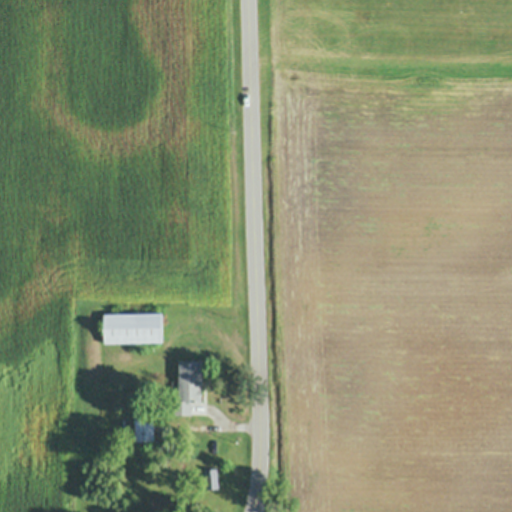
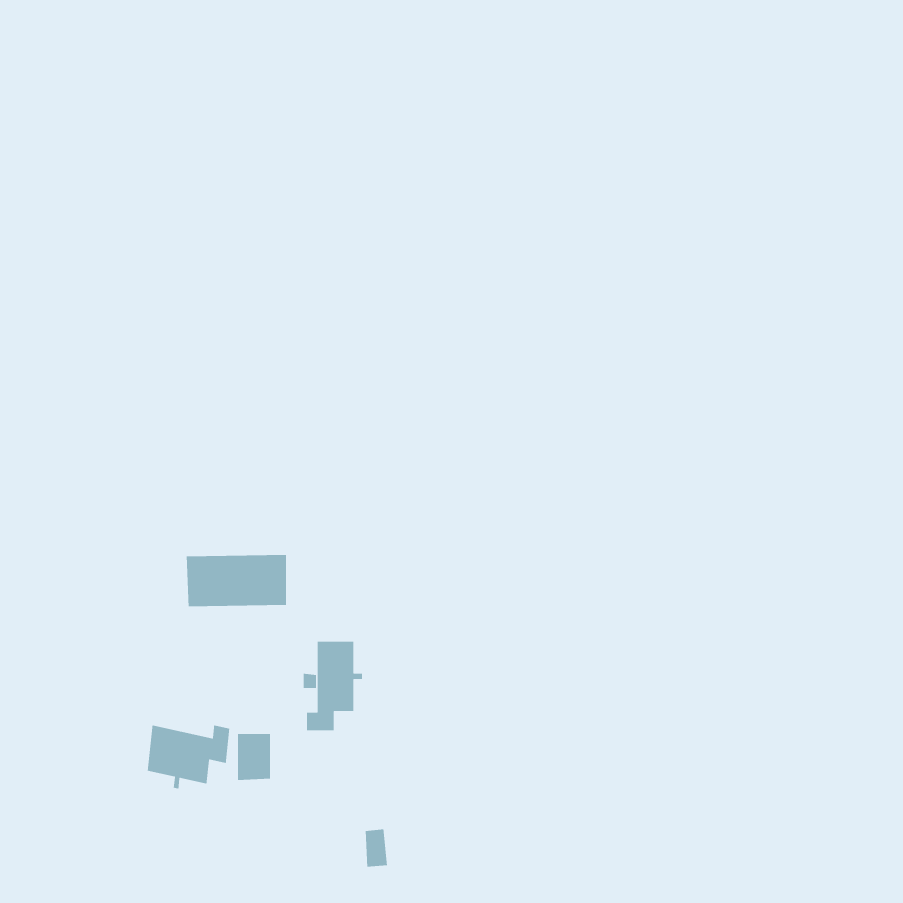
building: none -> [147,724,230,790]

